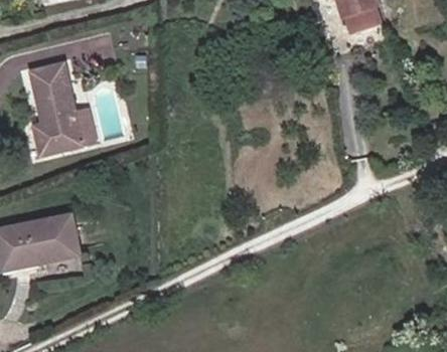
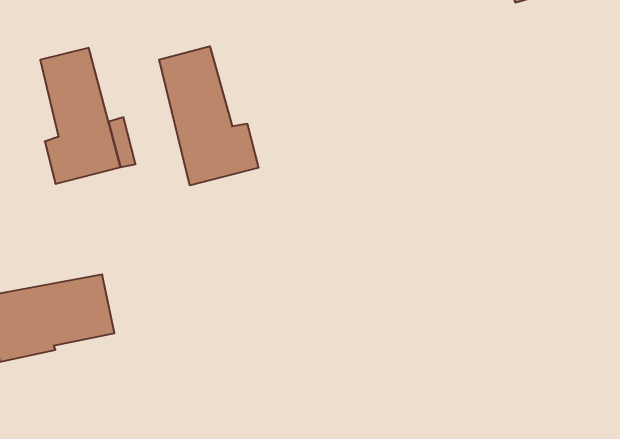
building: none -> [159,46,259,185]

